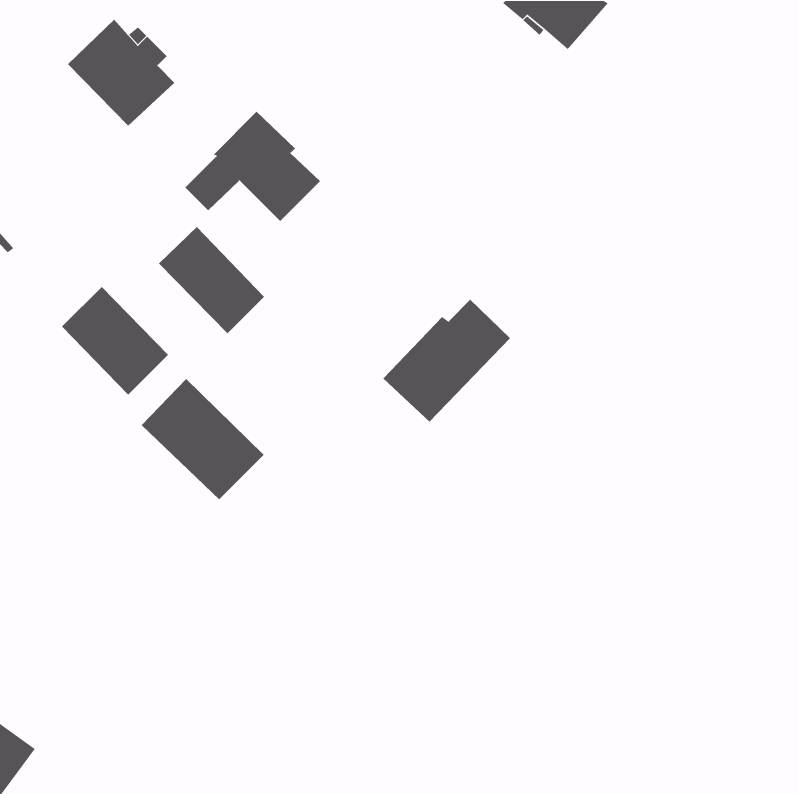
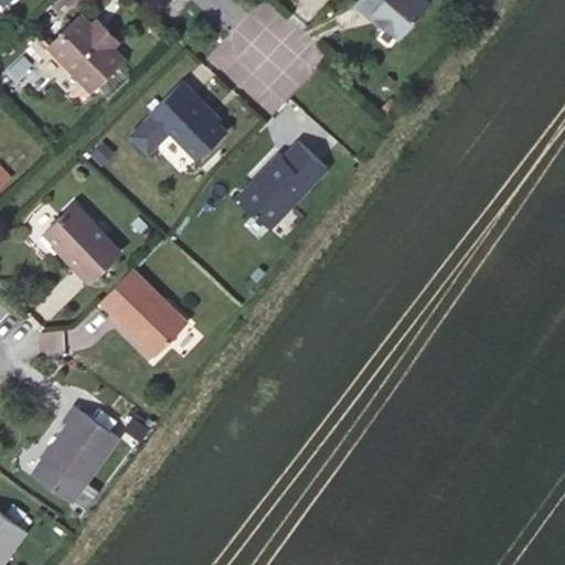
building: [158,226,265,334] -> none
building: [383,299,511,422] -> [236,142,327,230]
building: none -> [32,407,117,503]

